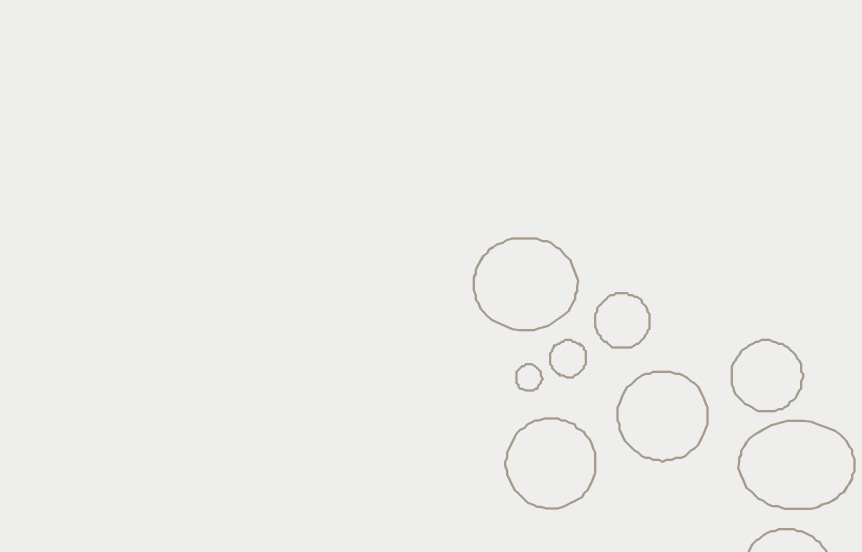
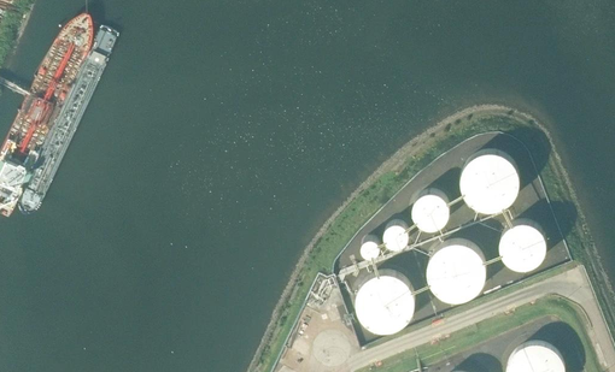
building: none -> [461,154,519,211]
building: [474,238,578,330] -> none
building: [738,421,854,509] -> none

